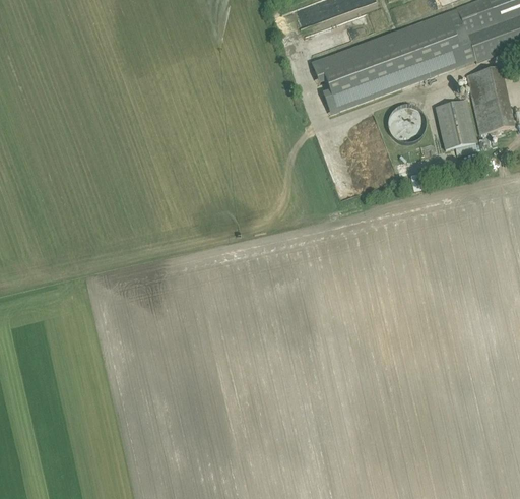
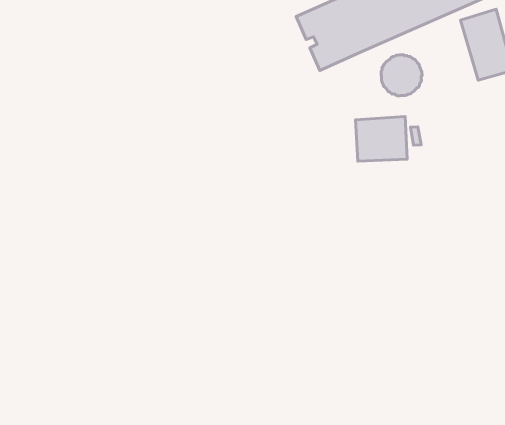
building: [435,99,474,147] -> none
building: none -> [355,116,407,161]

